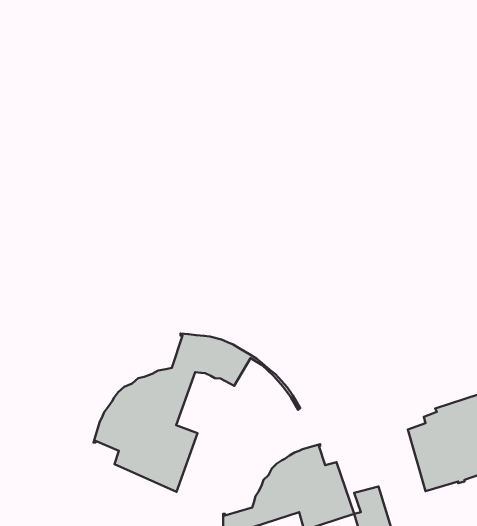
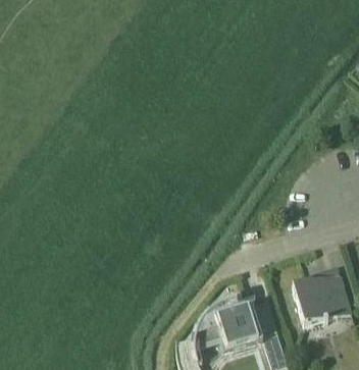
building: [93,333,300,492] -> none

